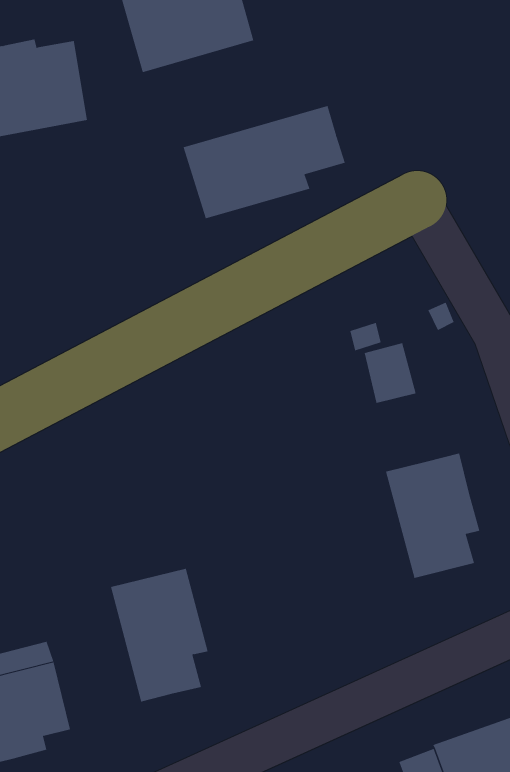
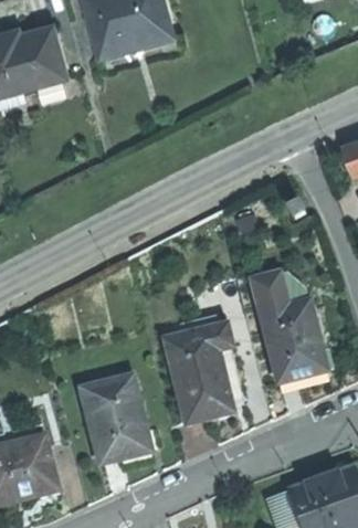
building: [183,105,346,219] -> none
building: [364,343,416,404] -> [252,274,286,314]
building: none -> [161,315,234,425]

